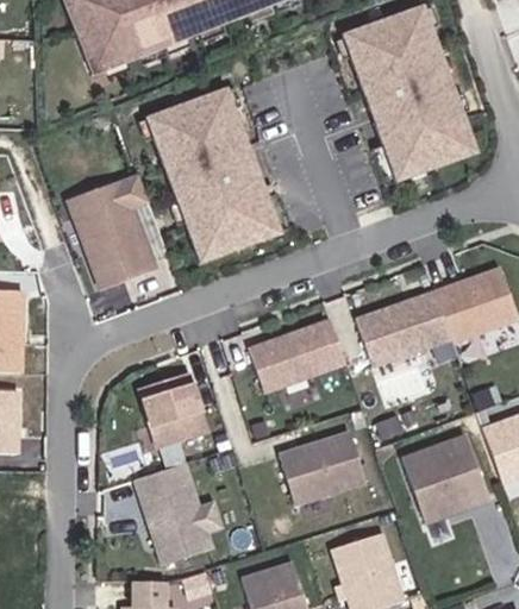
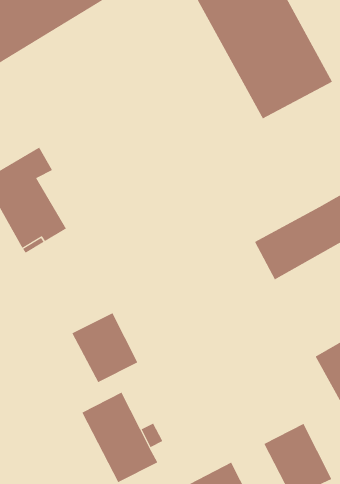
building: [145,89,279,263] -> none
building: [249,316,345,390] -> none
building: [279,431,364,501] -> none

